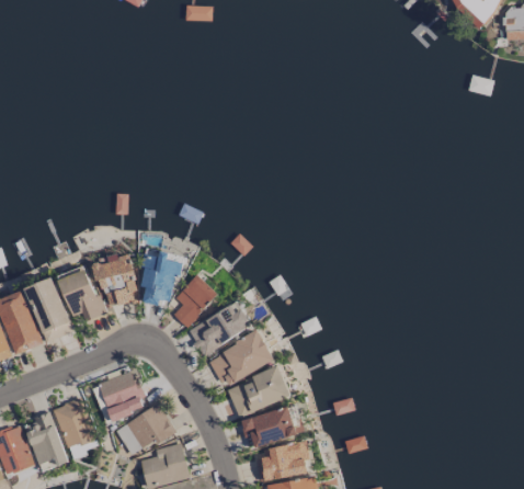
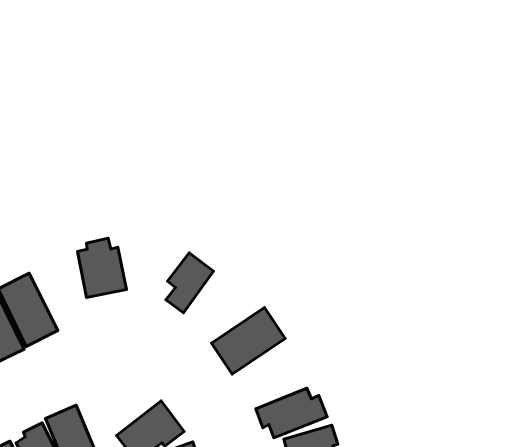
building: [140,251,180,306] -> none
building: [57,265,103,321] -> none
building: [189,302,252,355] -> none
building: [226,367,292,418] -> none
building: [98,371,147,421] -> none

